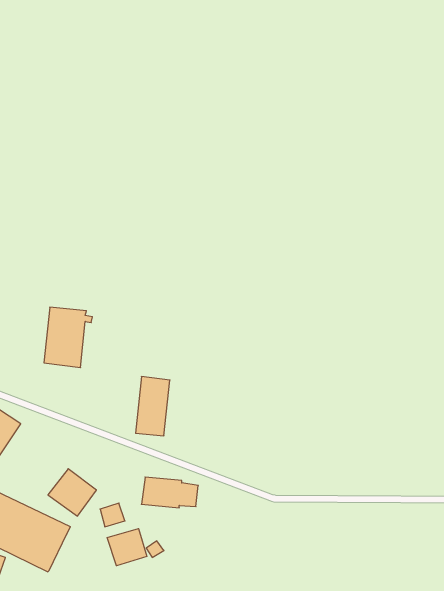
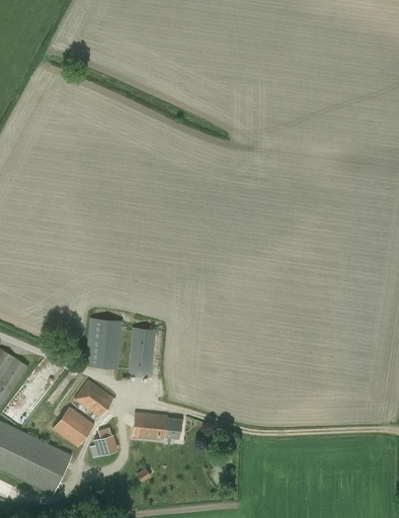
building: [44,307,92,368] -> [86,318,128,369]
building: none -> [75,379,114,417]
building: [107,529,147,566] -> none

